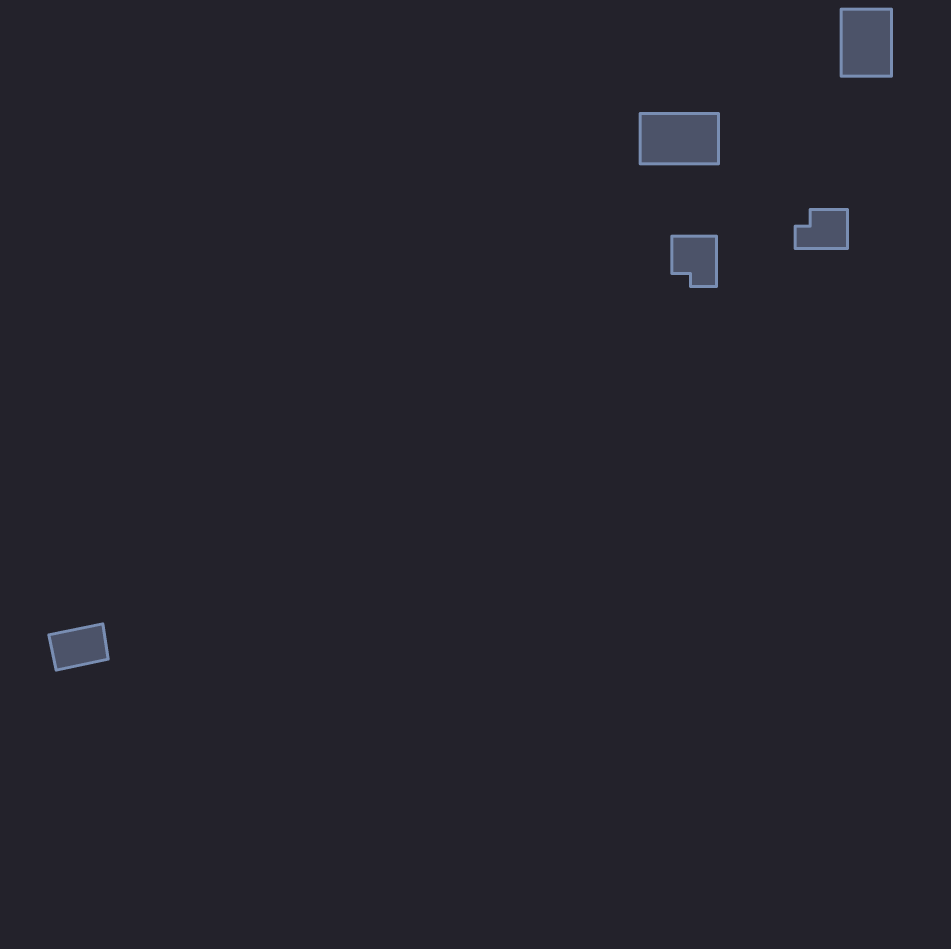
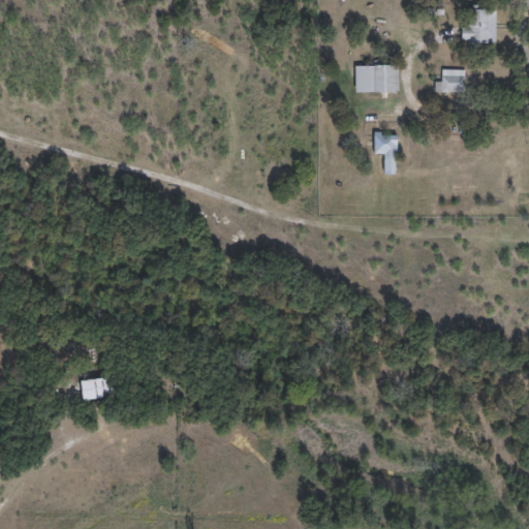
building: [795,209,847,248] -> [435,70,464,92]
building: [49,624,108,670] -> [80,376,113,402]

